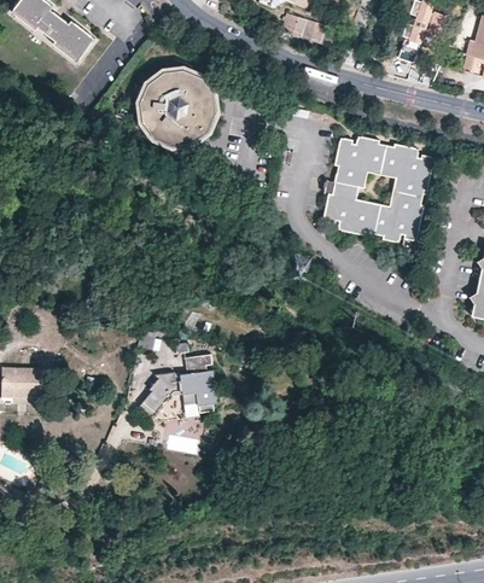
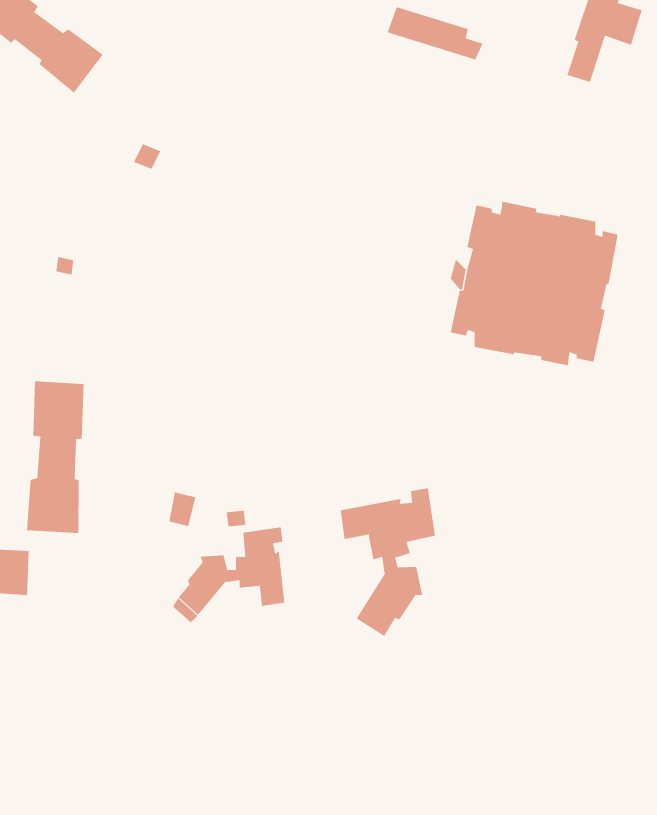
building: [138,68,214,144] -> none
building: none -> [26,380,84,534]
building: none -> [340,487,435,637]

